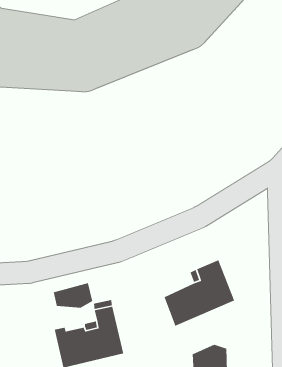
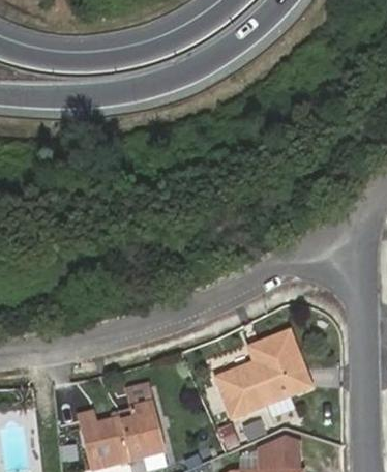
building: [53,282,93,308] -> none

